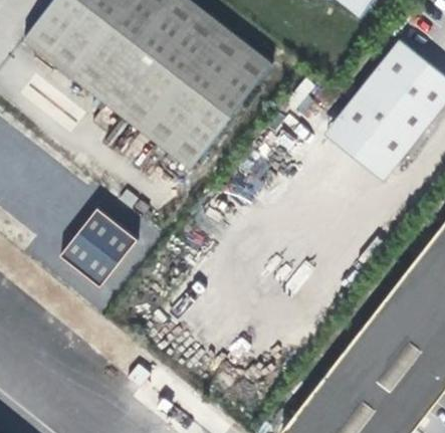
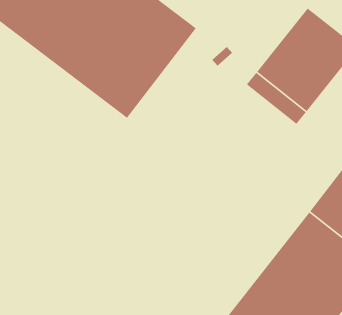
building: [56,209,135,289] -> none

